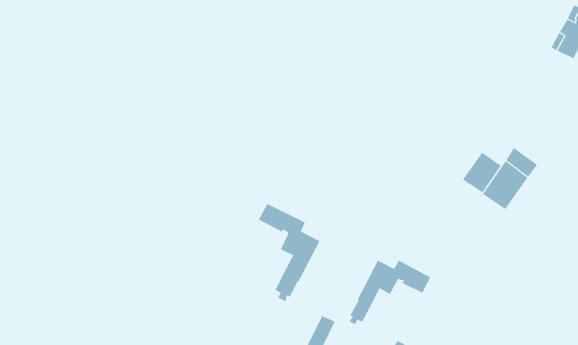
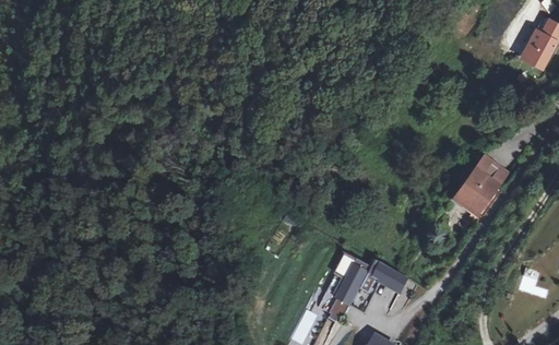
building: [462,152,502,193] -> none
building: [258,203,320,302] -> none

